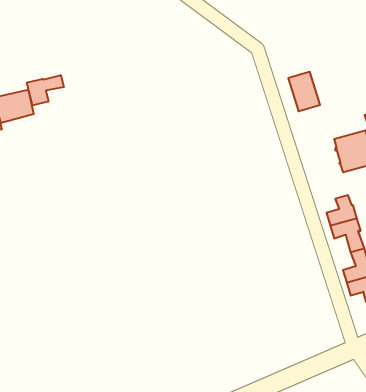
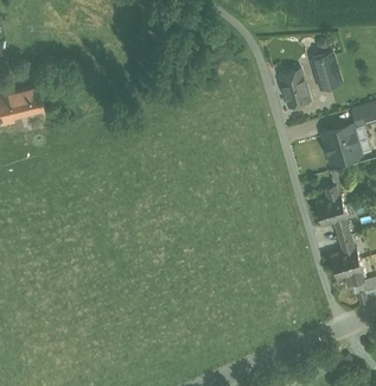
building: none -> [311,51,342,90]
building: [27,75,64,105] -> none

